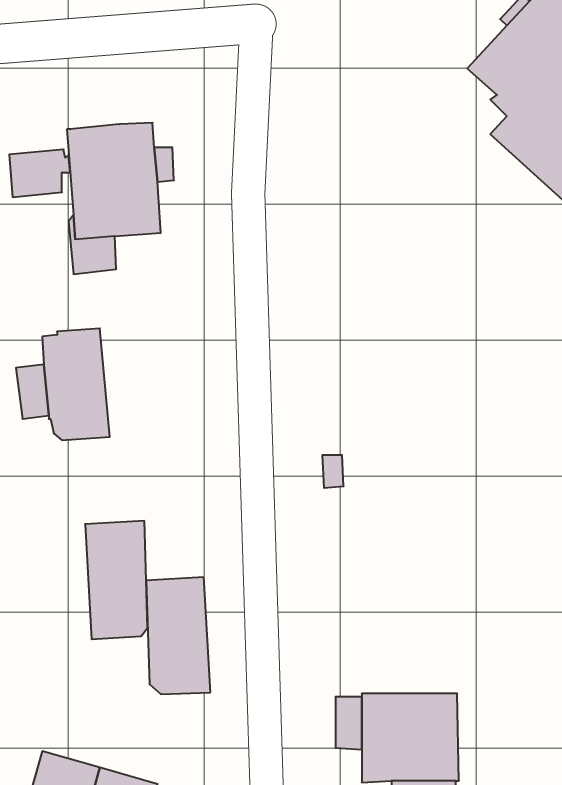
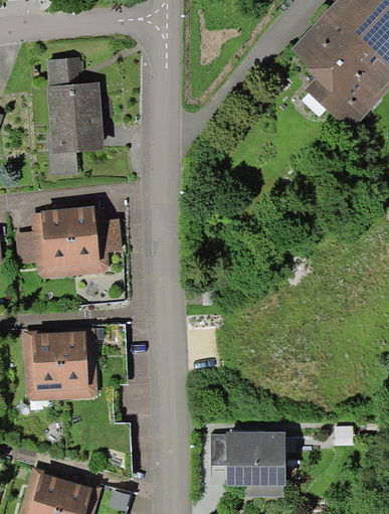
building: [9,149,70,197] -> [46,58,83,88]
building: none -> [66,206,123,276]
building: [146,577,210,694] -> [22,329,61,400]

